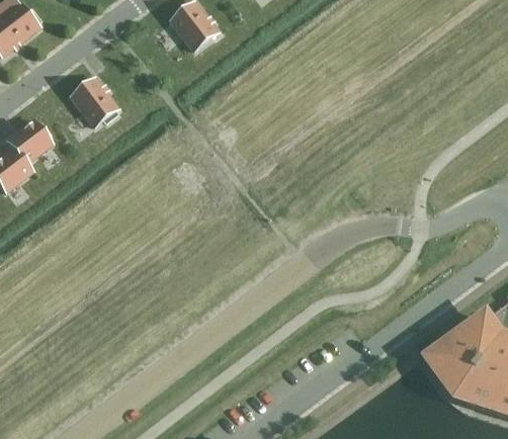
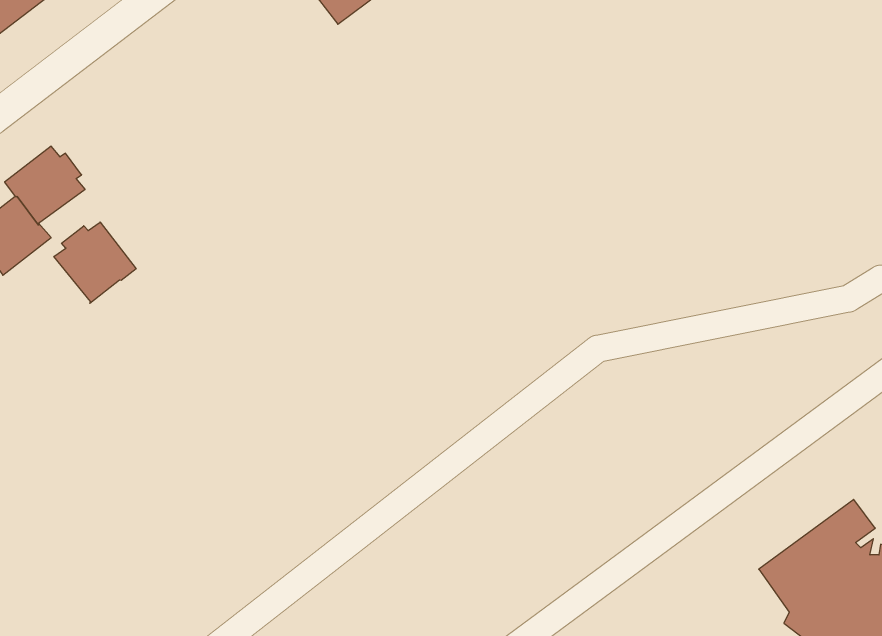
building: [72,78,118,127] -> none
building: none -> [54,222,136,303]

